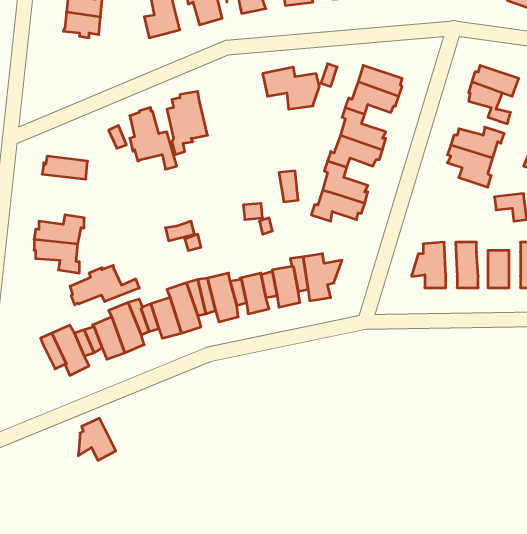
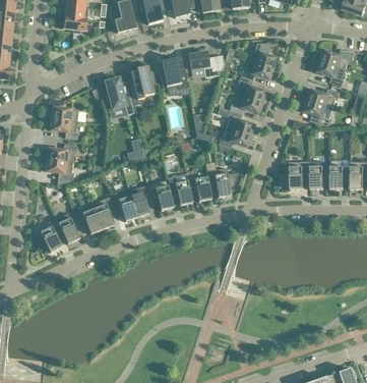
building: none -> [161,58,188,89]
building: none -> [49,118,78,139]
building: [70,265,139,305] -> none
building: [78,418,116,460] -> [38,226,61,253]

